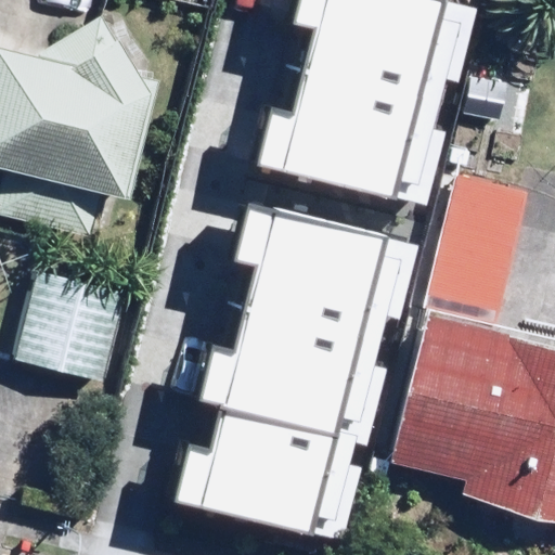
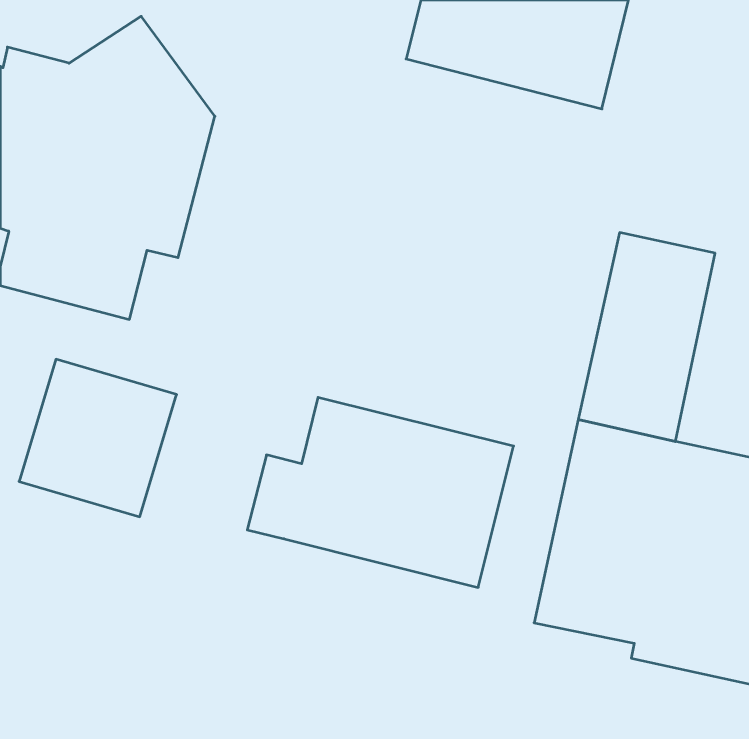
building: [249,53,446,194] -> none
building: [222,194,406,338] -> none
building: [168,406,354,532] -> none

